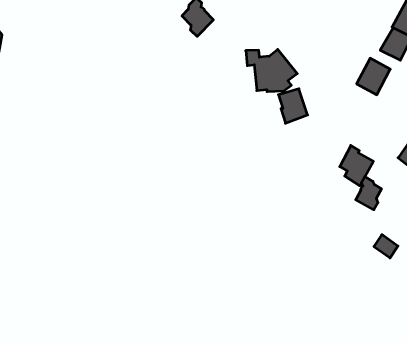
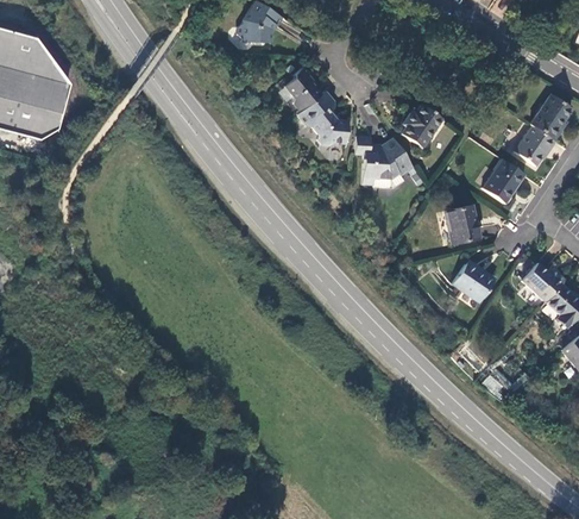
building: none -> [296,90,347,145]
building: none -> [403,105,442,146]
building: [278,89,308,123] -> [447,205,479,244]
building: [356,177,381,210] -> none

